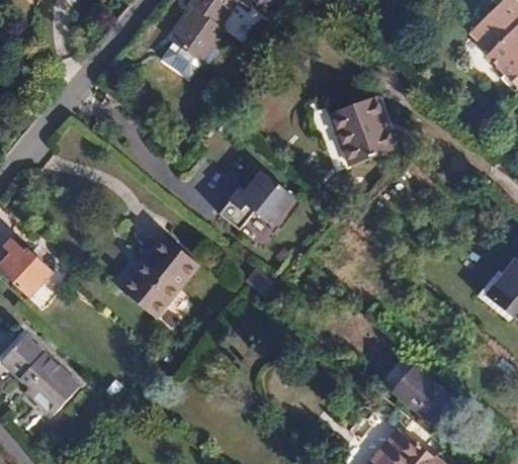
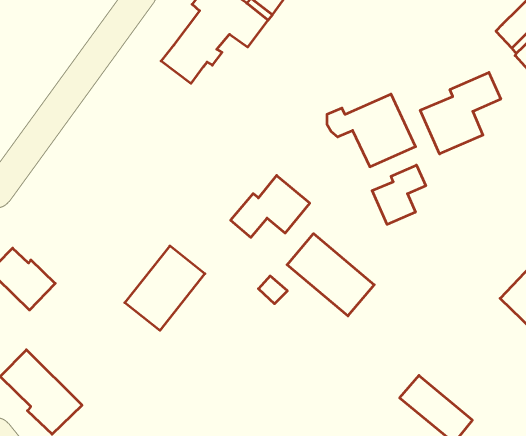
building: none -> [420,72,501,154]
building: none -> [372,165,426,224]
building: none -> [287,234,374,316]

